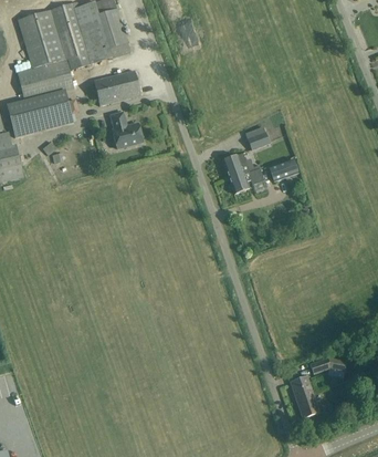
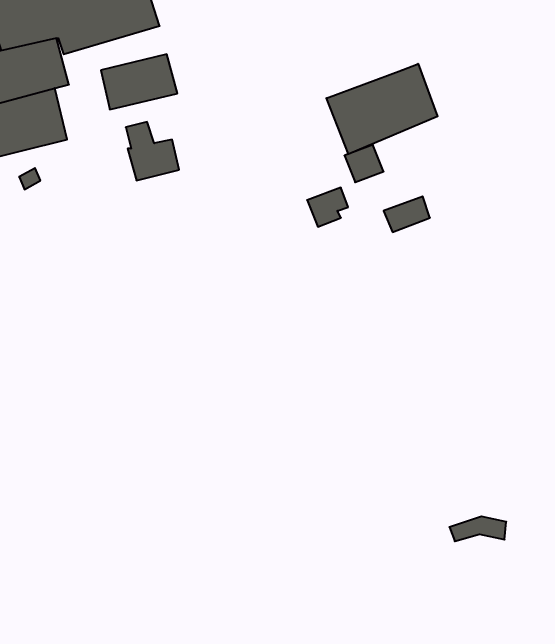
building: none -> [326,64,438,154]
building: [228,165,263,194] -> none
building: [290,375,318,418] -> none

